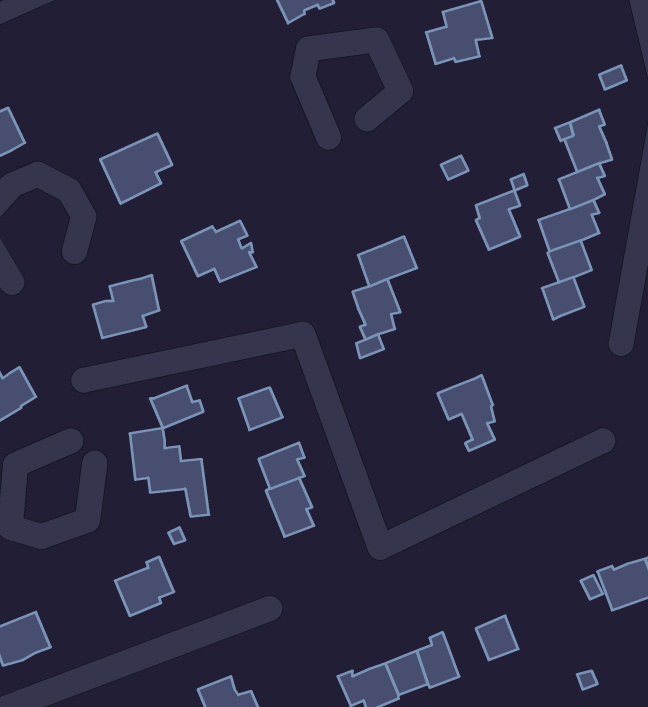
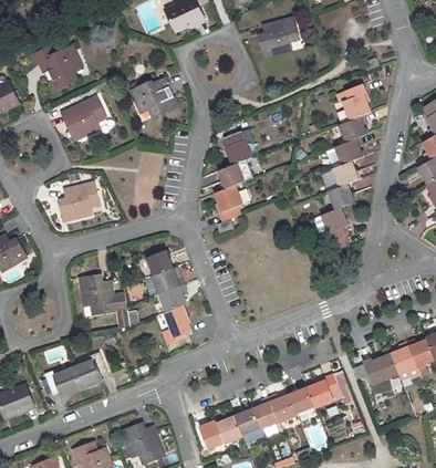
building: none -> [35,46,83,90]
building: [476,191,520,250] -> [225,129,251,165]
building: [181,221,257,282] -> [131,79,176,115]
building: [438,375,495,451] -> [313,207,347,252]
building: [150,386,203,428] -> [150,268,183,293]
building: none -> [44,366,81,395]
building: none -> [307,374,342,407]
building: none -> [269,394,298,424]

